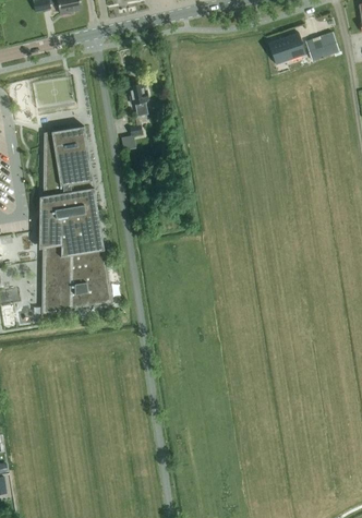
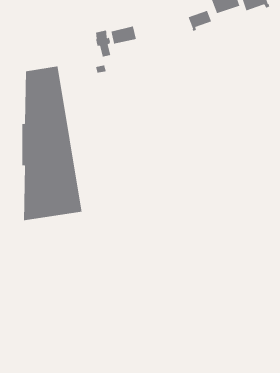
building: none -> [188,10,212,32]
building: none -> [111,25,137,44]

